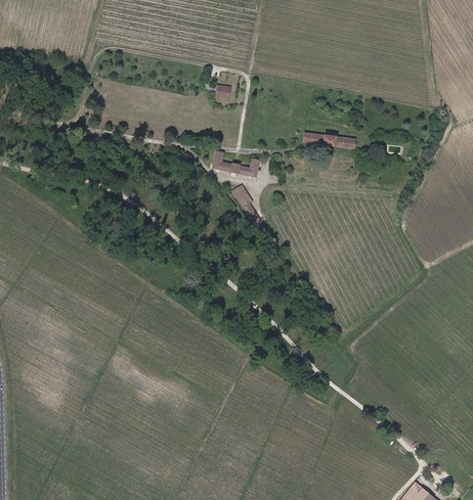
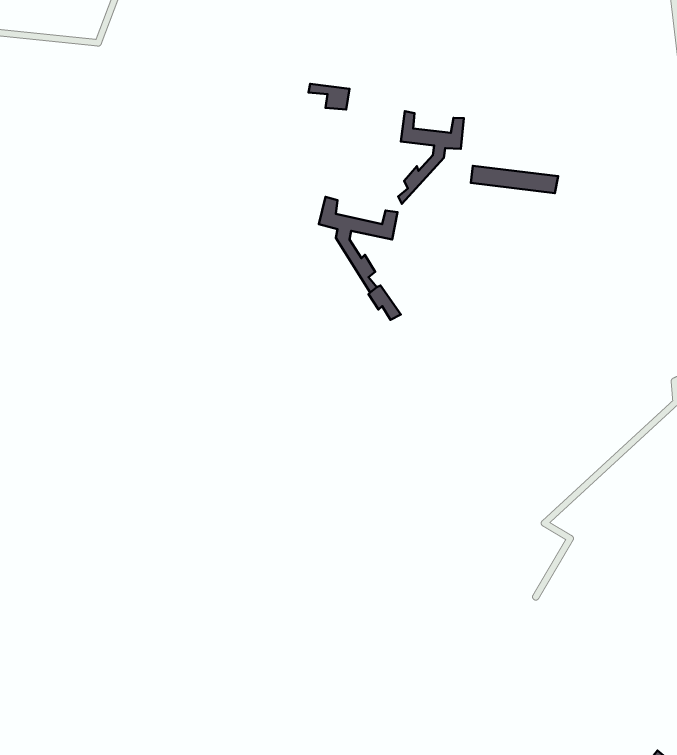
building: none -> [398,111,464,204]

